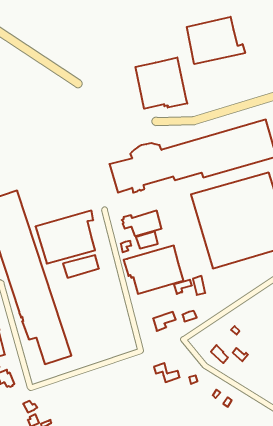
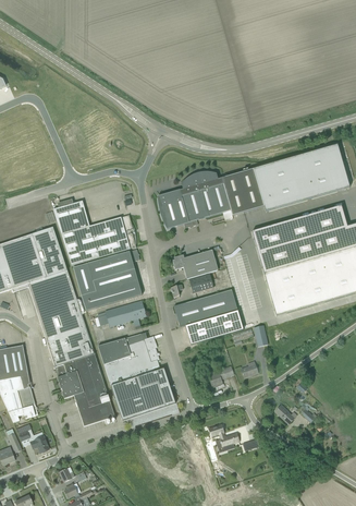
building: [187,17,245,64] -> none
building: [135,57,187,109] -> none
building: none -> [52,201,135,265]
building: none -> [97,333,174,420]

